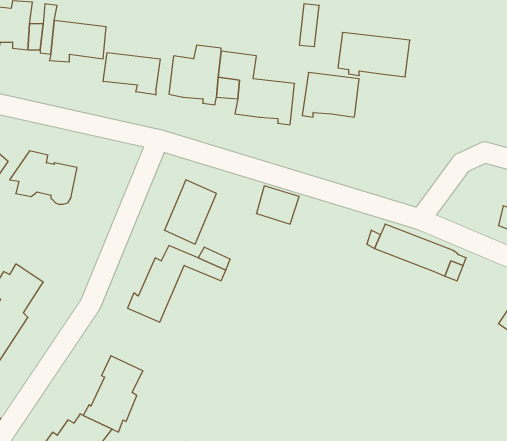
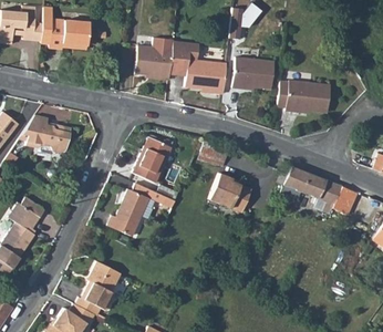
building: [338,33,410,77] -> [277,82,329,114]
building: [103,53,160,95] -> none
building: none -> [209,173,252,212]

